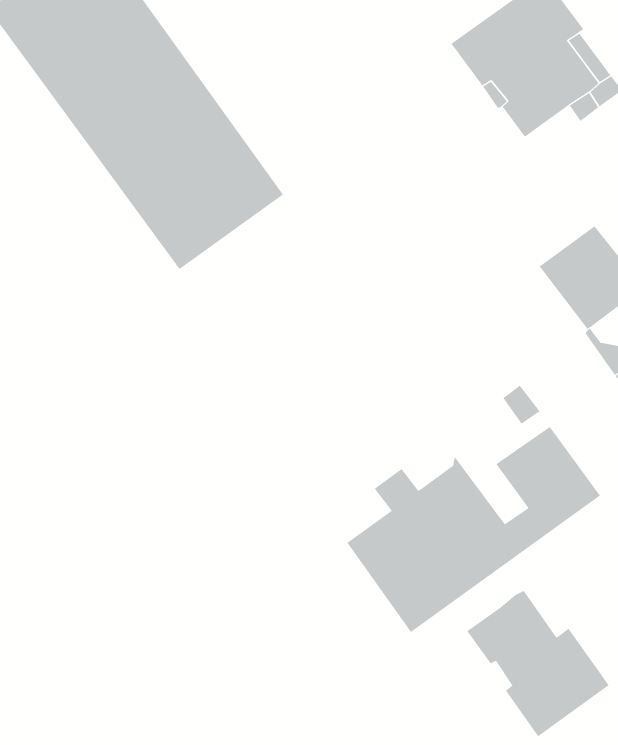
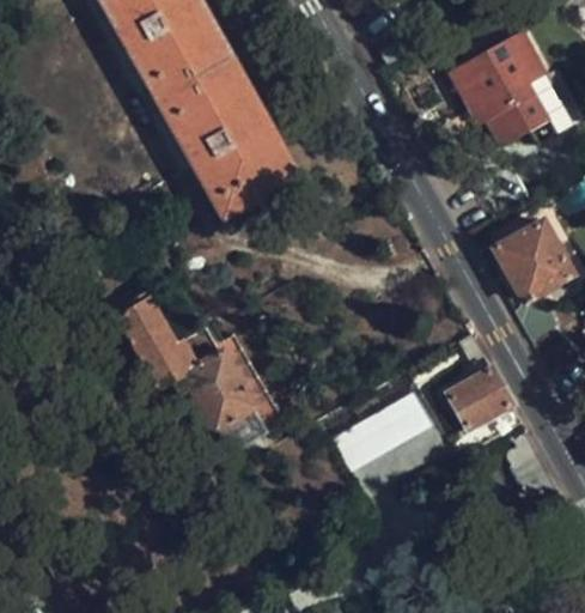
building: none -> [98,274,281,451]
building: [467,590,609,737] -> none

